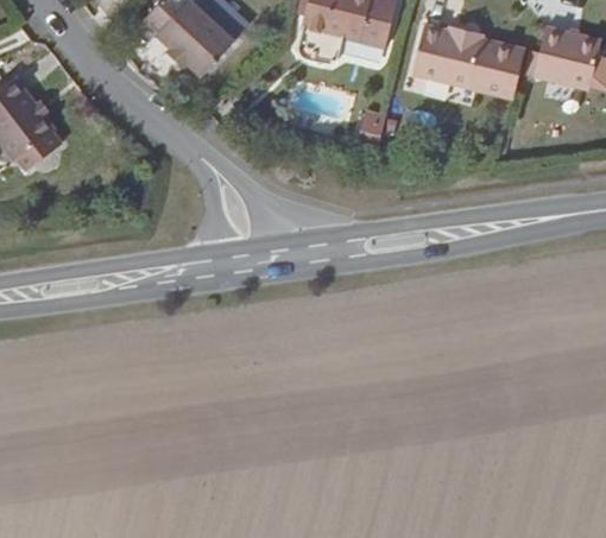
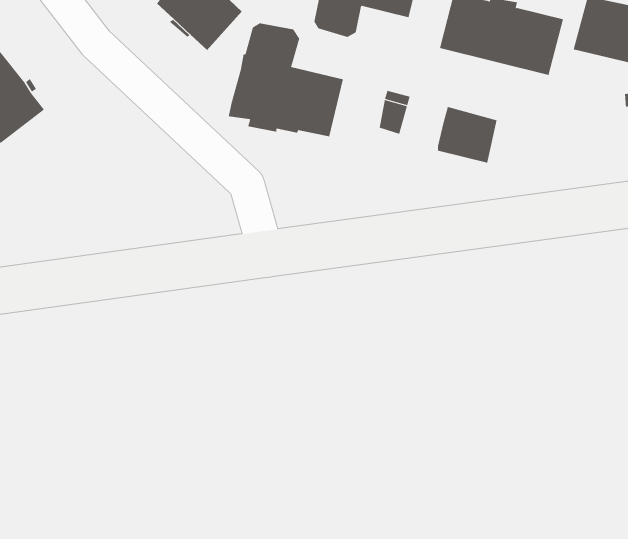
building: none -> [228,23,344,137]
building: none -> [437,106,497,164]

